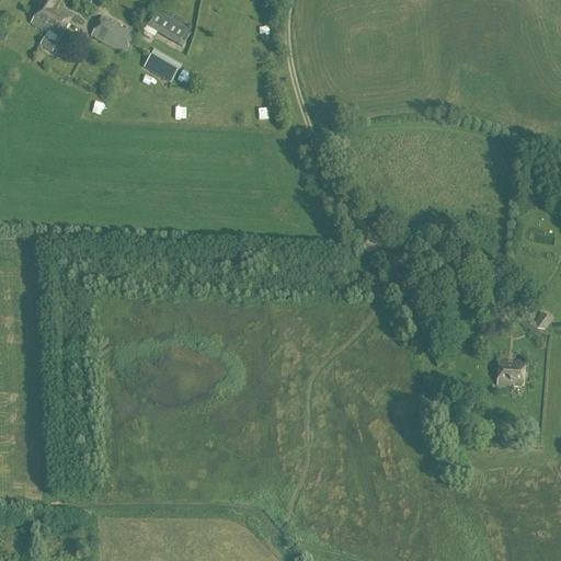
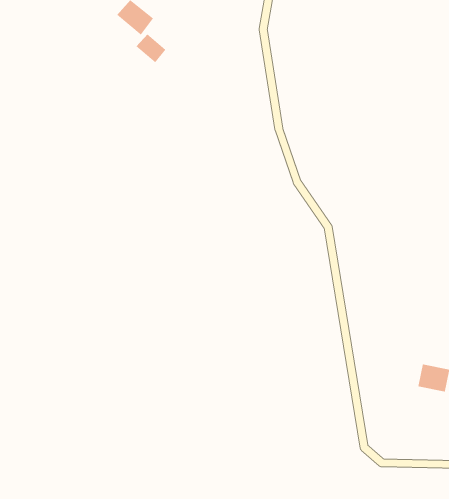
building: none -> [136,34,166,63]

